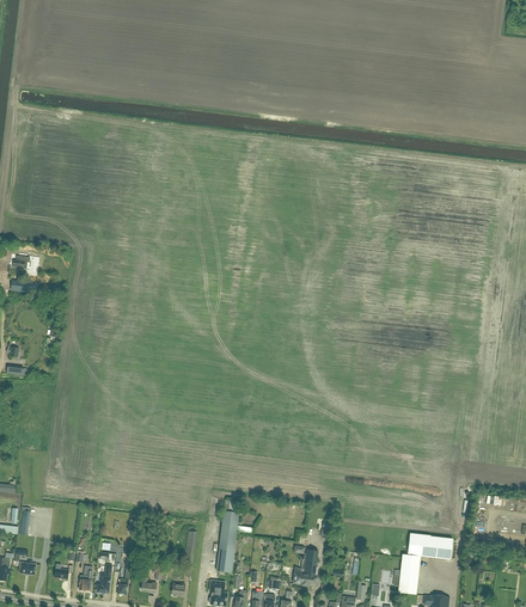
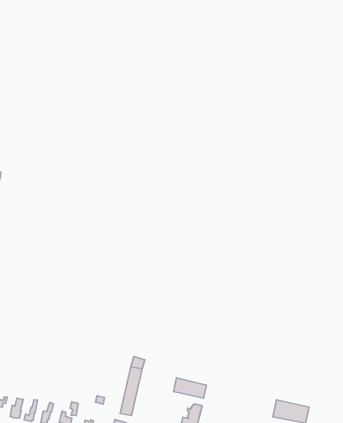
building: none -> [173,378,206,398]

